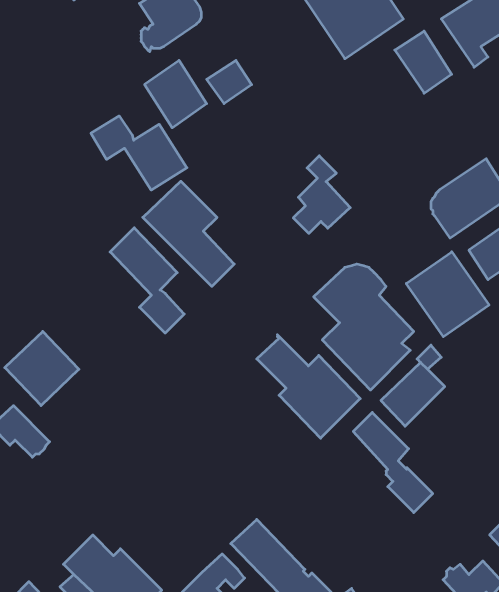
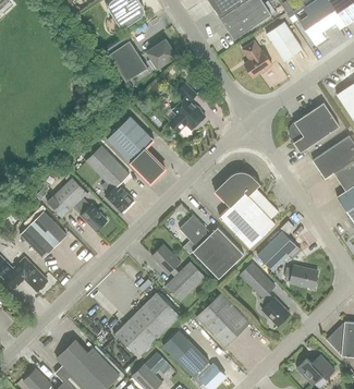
building: none -> [243,41,271,77]
building: [91,116,187,190] -> none
building: [293,156,350,233] -> [169,84,205,133]
building: [406,252,489,337] -> none
building: none -> [47,178,107,231]
building: none -> [151,244,205,301]
building: none -> [284,266,318,289]
building: none -> [114,292,180,357]
building: none -> [196,292,249,347]

